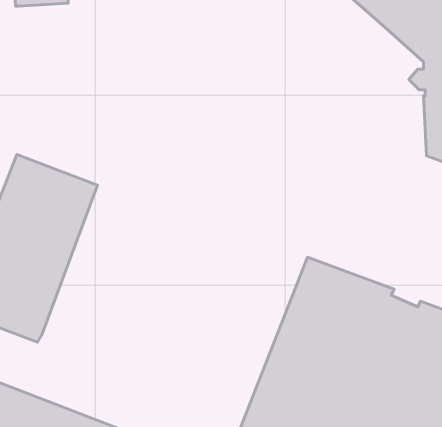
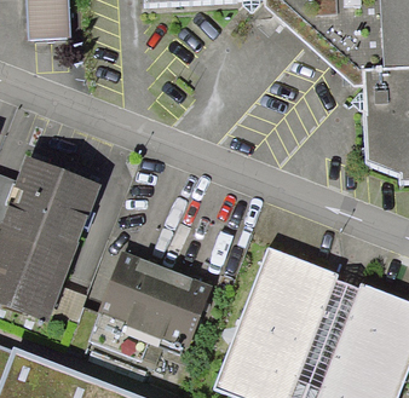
building: none -> [88,250,212,359]

